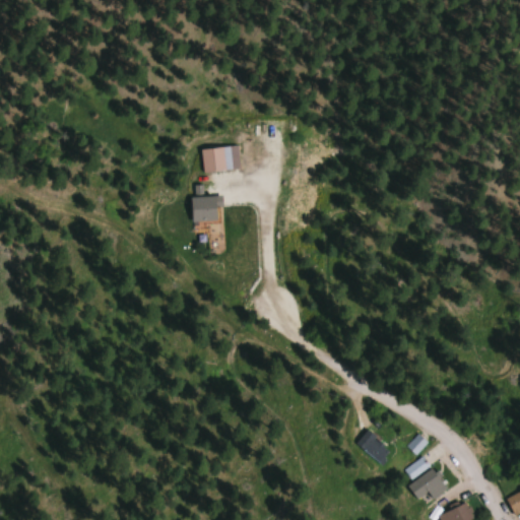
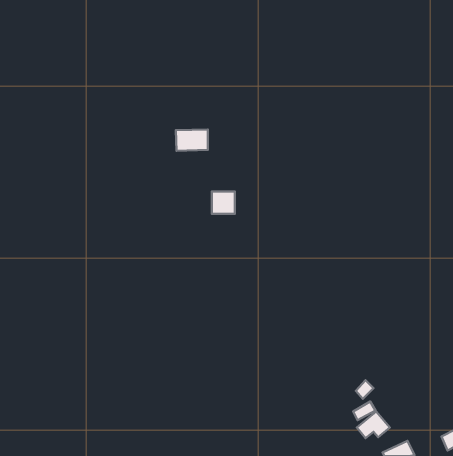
building: [192,197,218,222] -> [212,192,235,214]
building: [356,430,393,464] -> none

